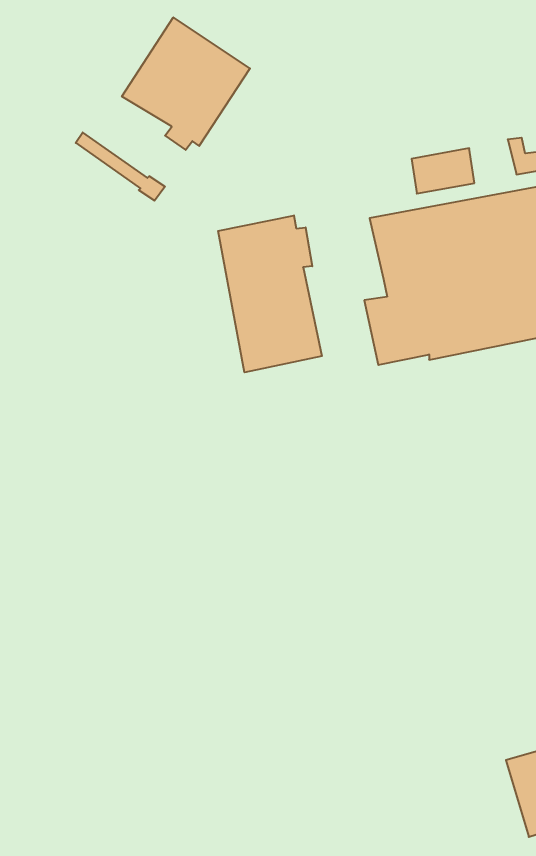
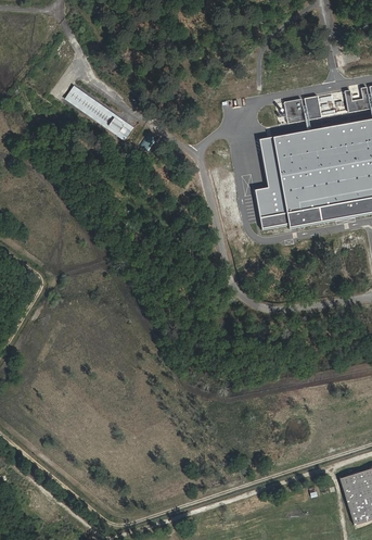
building: [122,17,250,150] -> none
building: [218,215,322,372] -> none

